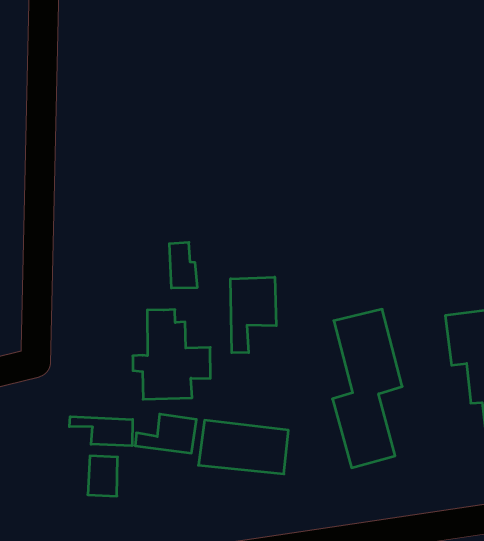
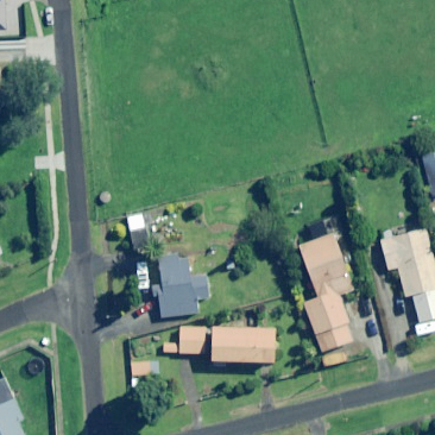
building: [169,242,197,288] -> [127,214,151,248]
building: [231,277,276,353] -> none
building: [69,417,133,446] -> none

